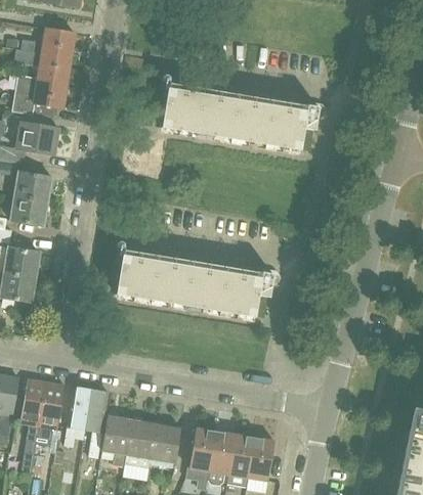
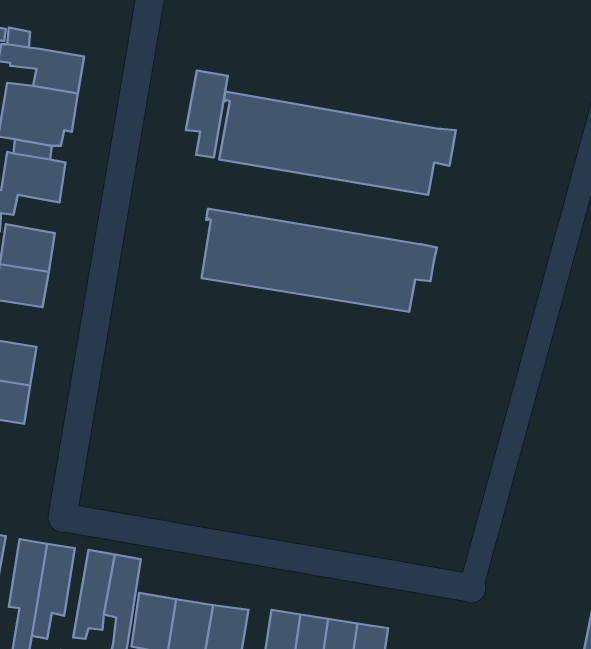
building: [42,29,75,58] -> none
building: none -> [186,70,228,157]
building: [116,248,272,316] -> [202,209,437,312]

